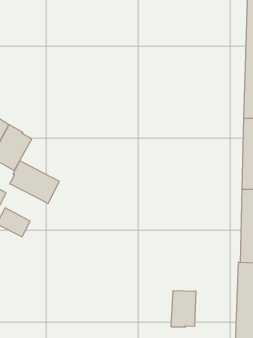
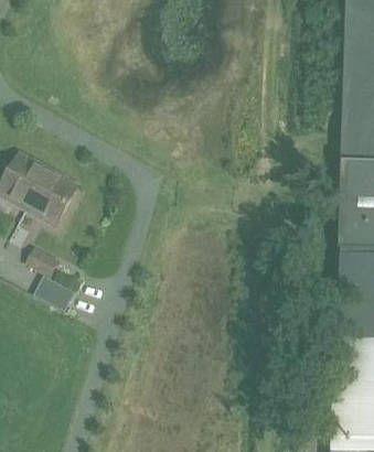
building: [10,161,59,204] -> none
building: [171,291,196,327] -> none

